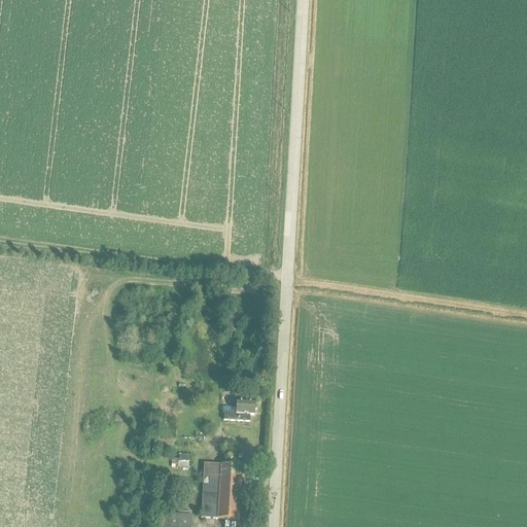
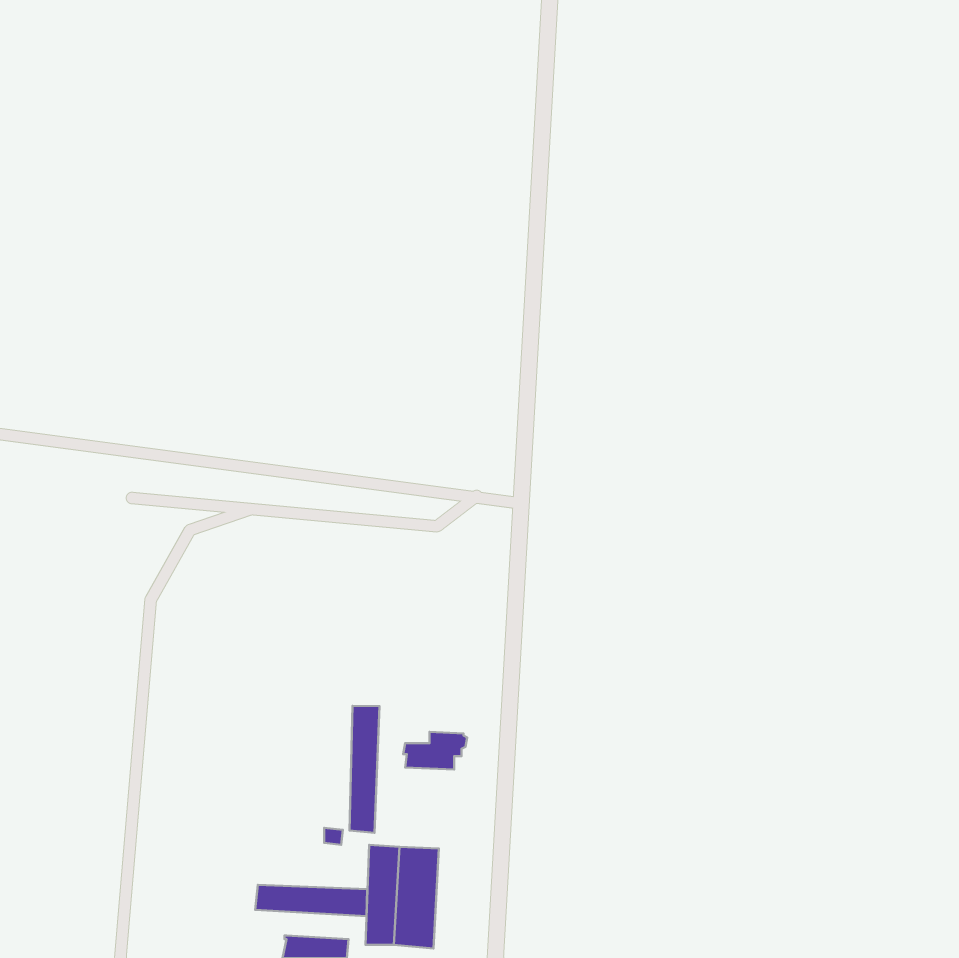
building: none -> [349,706,379,833]
building: none -> [255,885,367,916]

